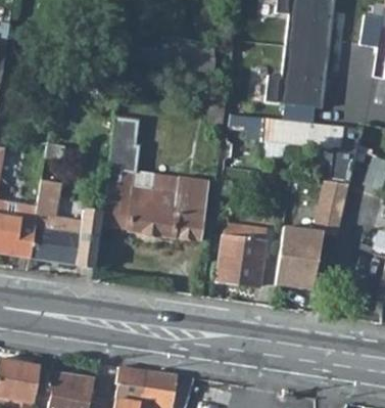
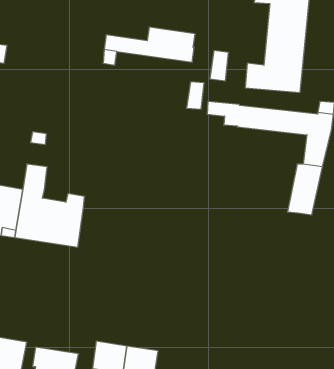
building: [100,118,206,239] -> none
building: [215,223,275,286] -> none
building: [274,226,324,289] -> none

